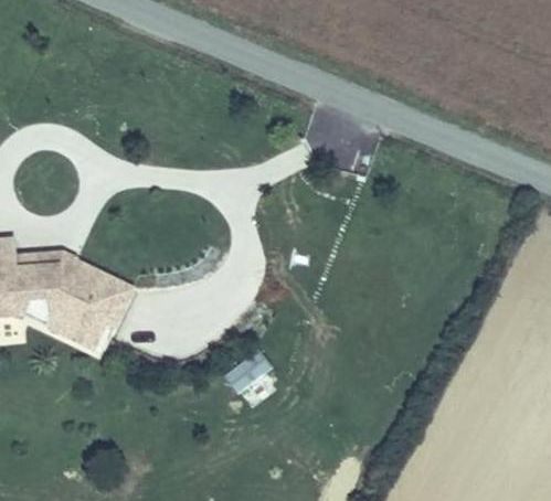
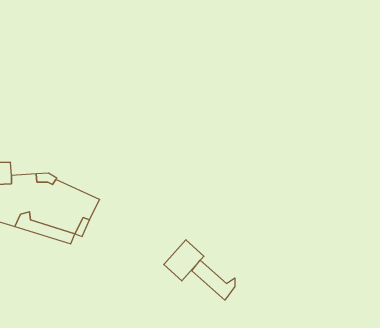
building: none -> [192,260,235,300]

